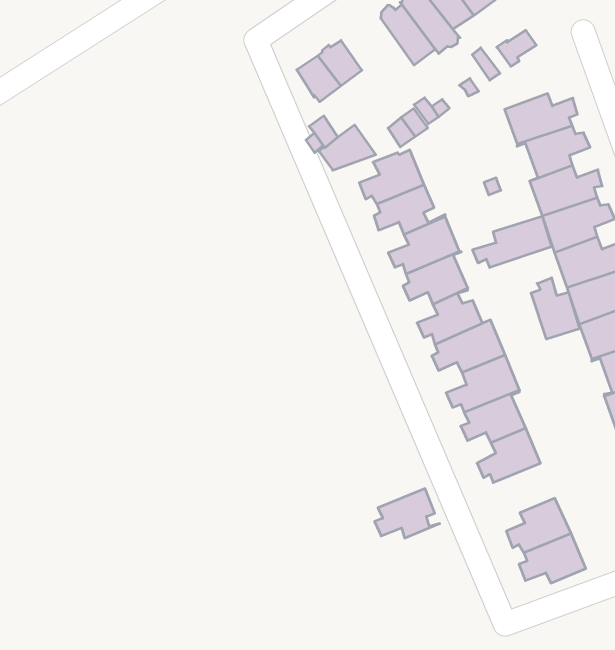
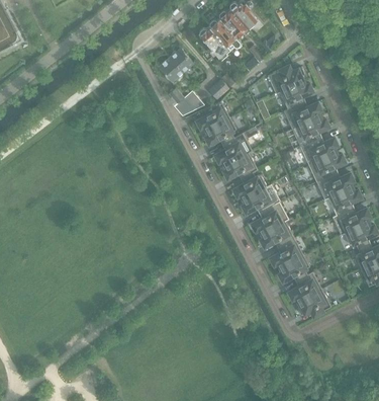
building: [473,216,551,268] -> none
building: [531,278,579,339] -> none
building: [375,489,440,538] -> [279,255,312,282]

